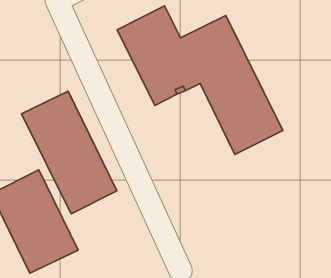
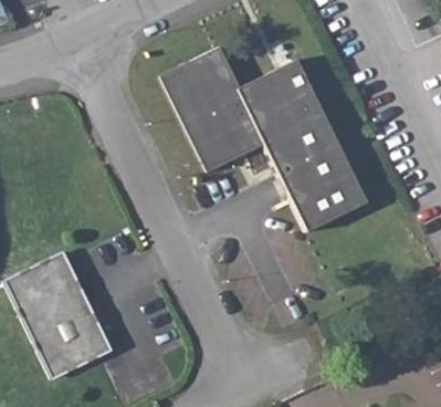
building: [22,91,117,214] -> none

